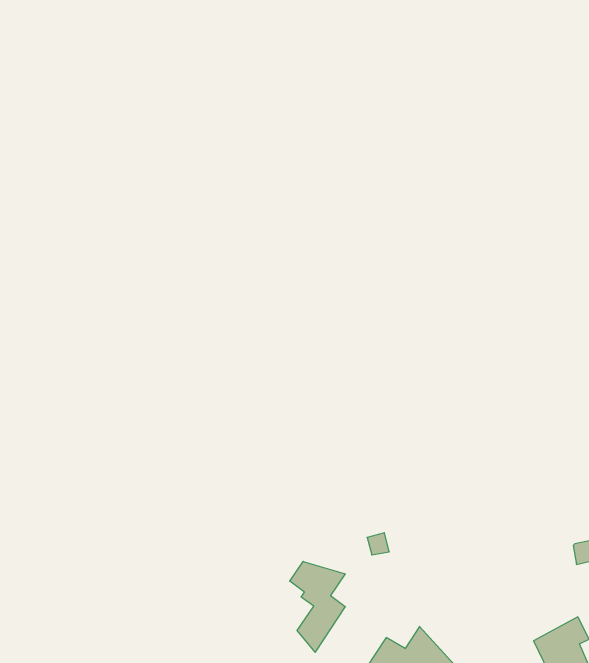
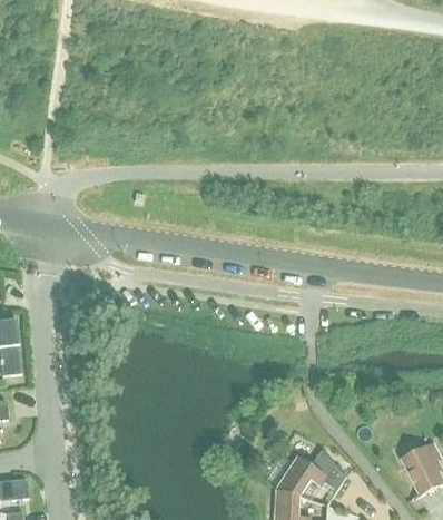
building: [290,561,345,652] -> none

